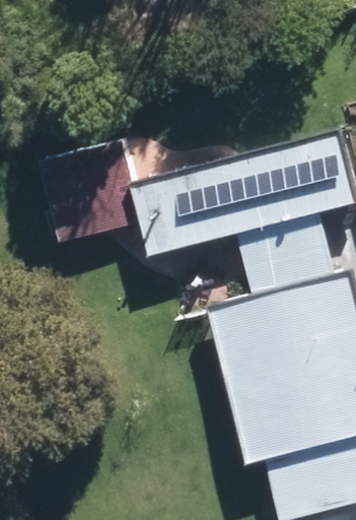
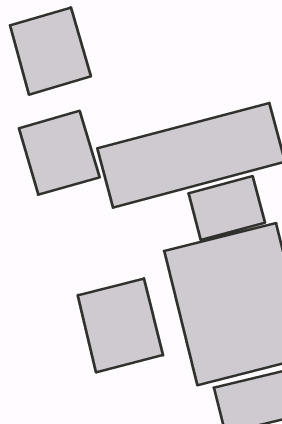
building: none -> [10,7,91,95]
building: none -> [78,278,163,372]

